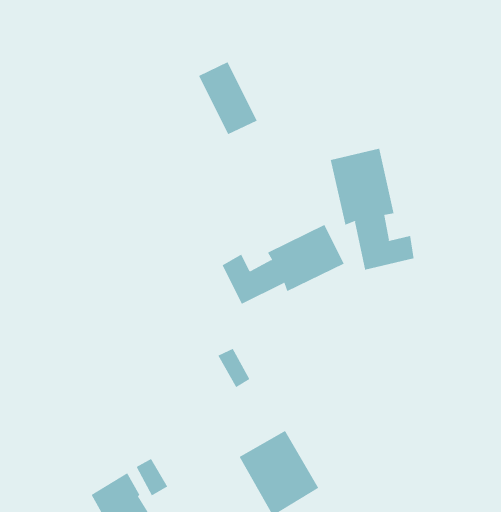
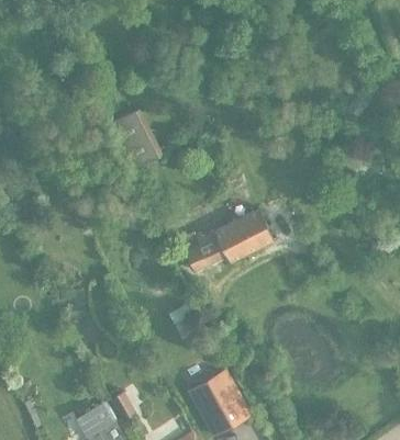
building: [198,62,257,135] -> [113,111,159,168]
building: [330,148,414,270] -> none

